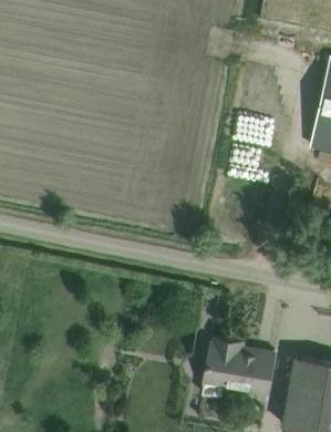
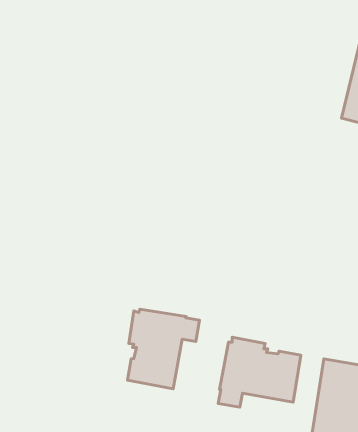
building: none -> [127,309,200,389]

